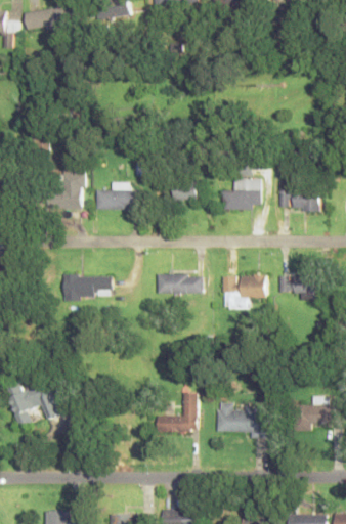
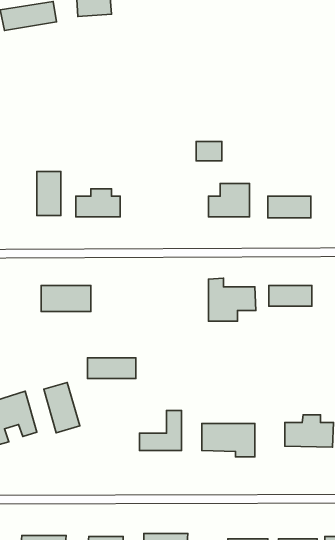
building: [171,183,196,202] -> [196,141,222,161]
building: [156,274,202,294] -> [87,358,136,378]
building: none -> [44,382,80,433]

